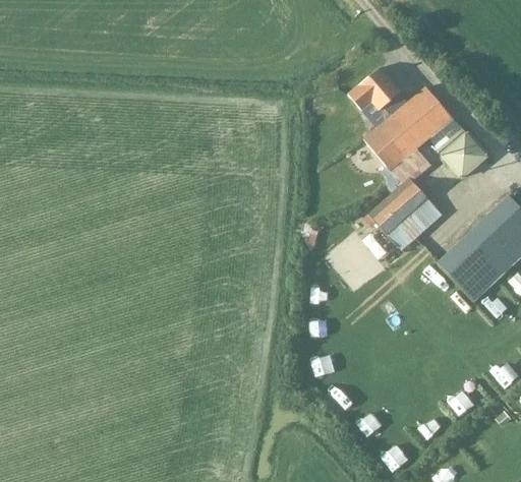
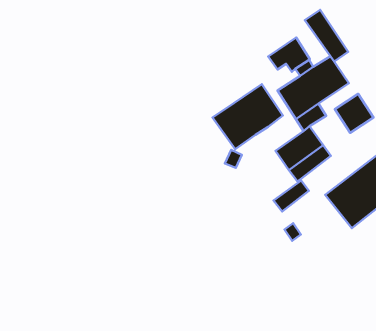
building: none -> [305,10,348,62]
building: none -> [213,84,283,149]
building: none -> [274,180,309,212]

